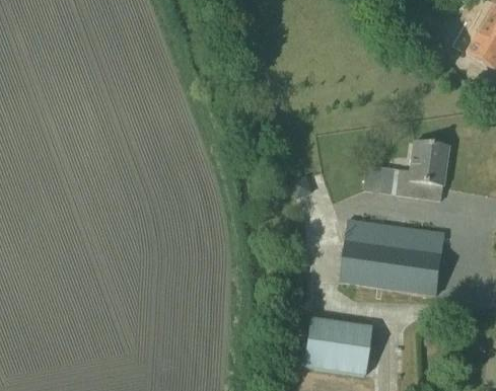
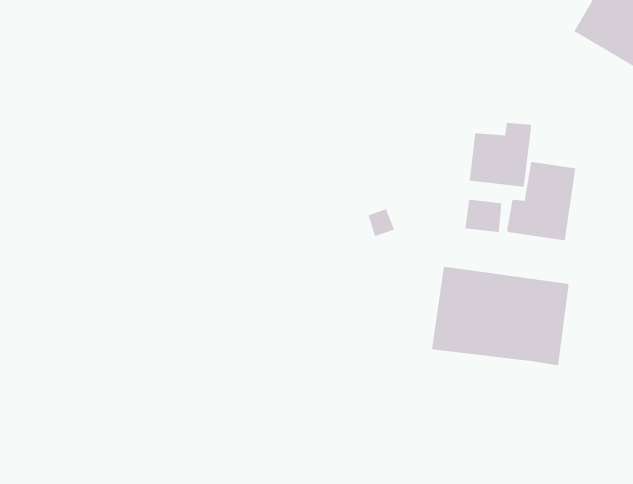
building: none -> [469,122,531,188]
building: [306,318,372,375] -> none

